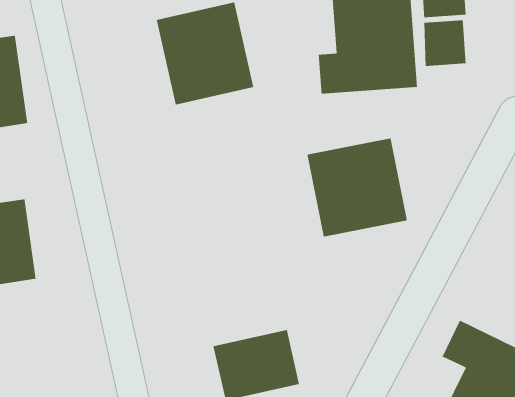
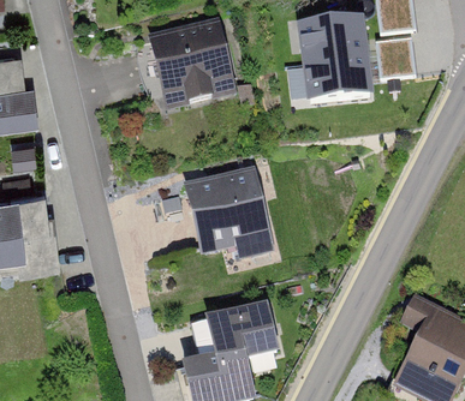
building: [307,138,408,238] -> [178,169,266,256]

